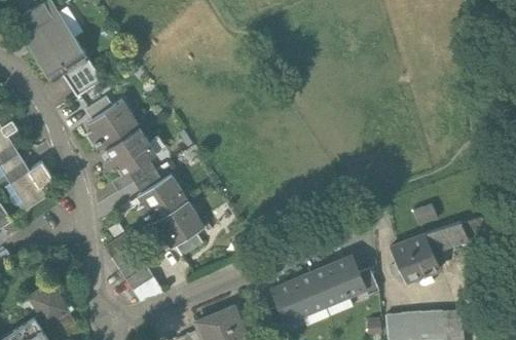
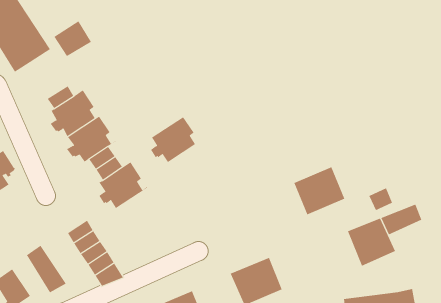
building: [64,62,103,99] -> [53,21,92,57]
building: [154,202,205,250] -> [150,116,200,163]
building: [311,257,364,306] -> [294,167,345,215]
building: none -> [26,245,67,293]

